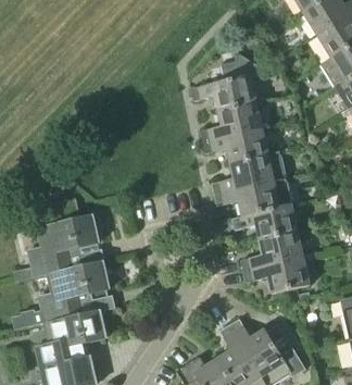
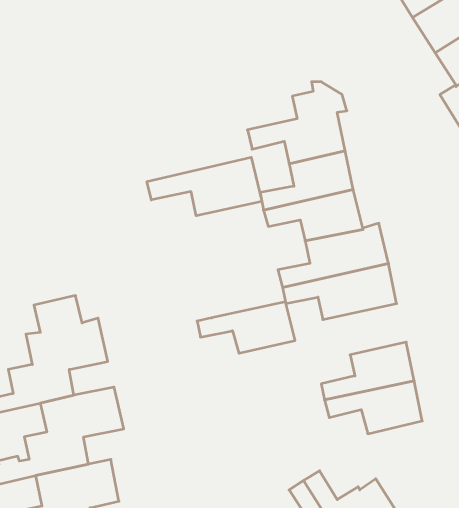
building: none -> [147,157,262,216]
building: [232,207,299,241] -> [197,302,295,353]

